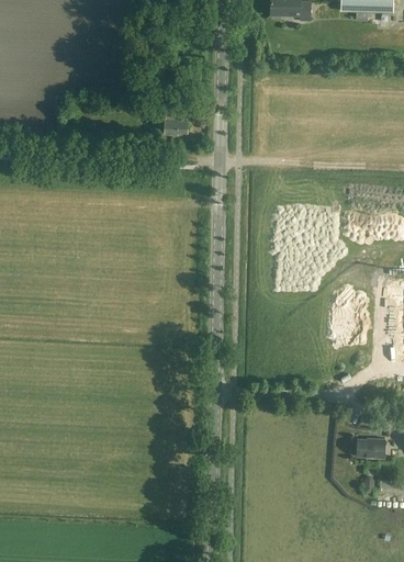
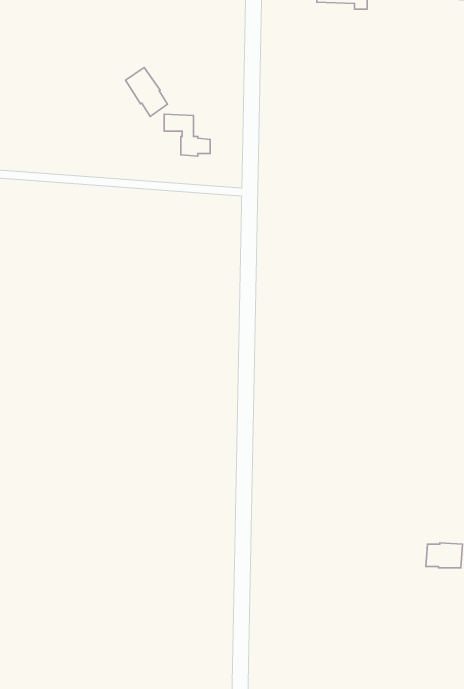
building: none -> [126,67,167,116]

